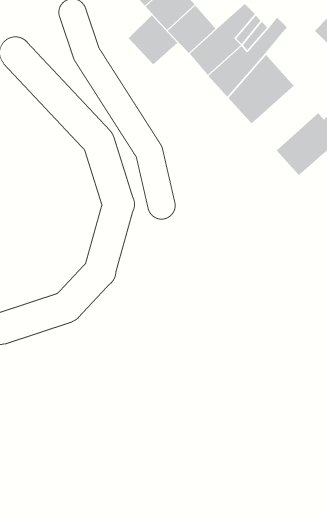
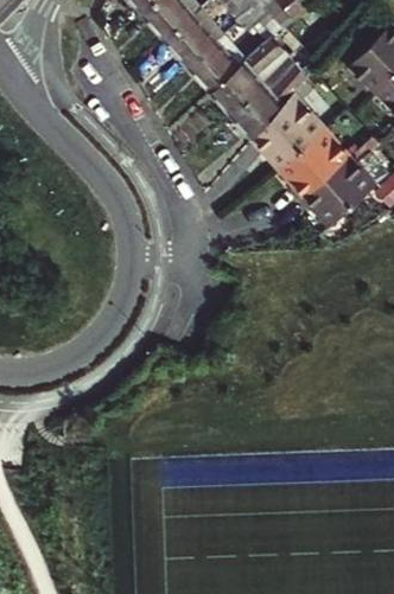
building: [128,15,178,65] -> none
building: none -> [281,126,354,196]

